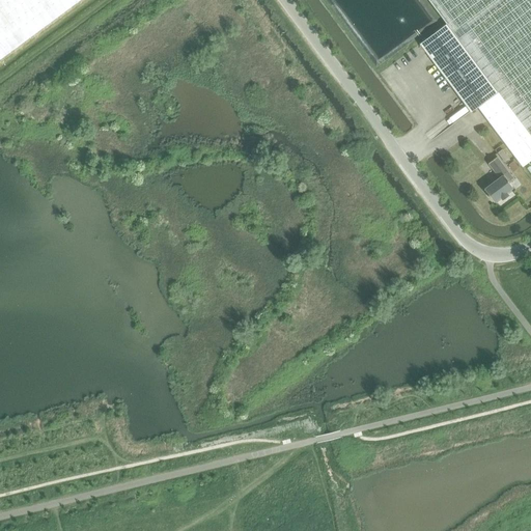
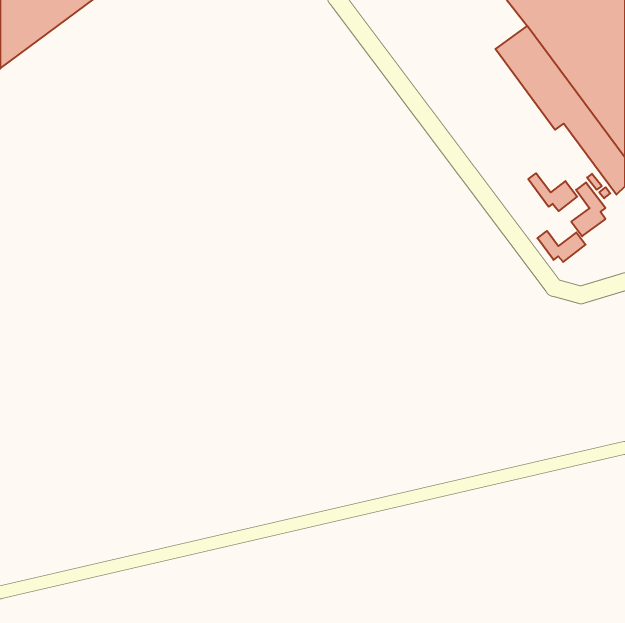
building: none -> [528,173,577,211]
building: none -> [537,231,586,262]

